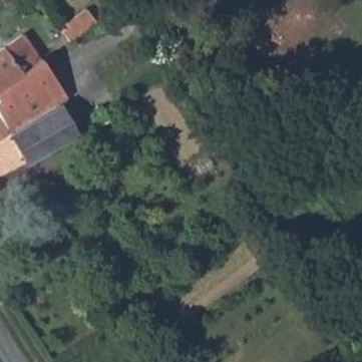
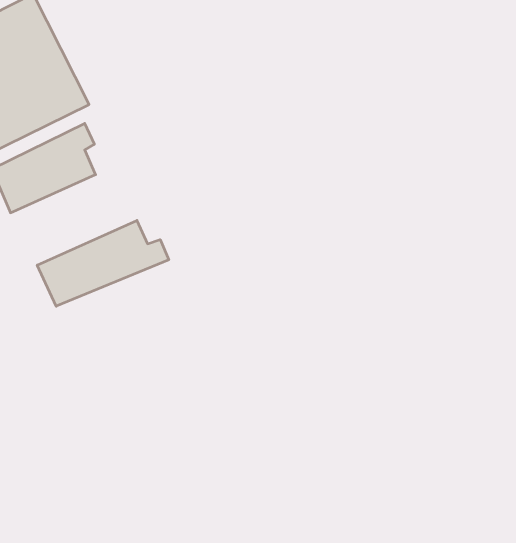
building: none -> [37,220,169,306]

